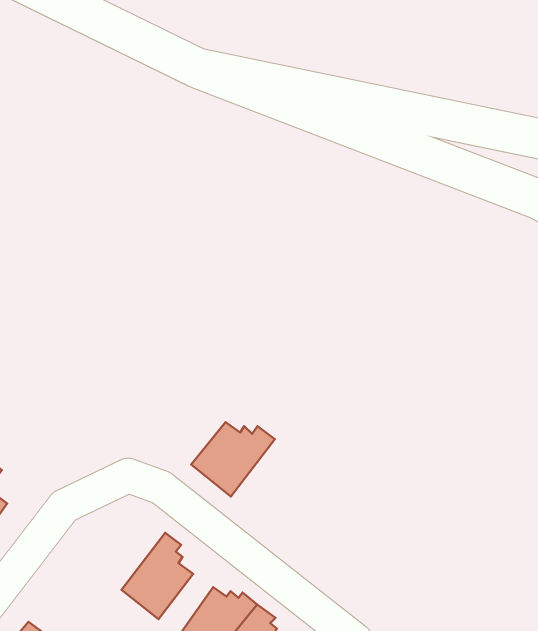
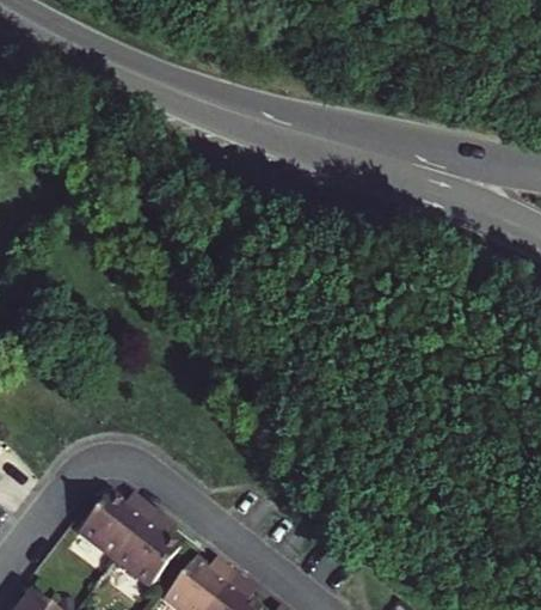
building: [191,422,275,497] -> [76,494,152,561]

